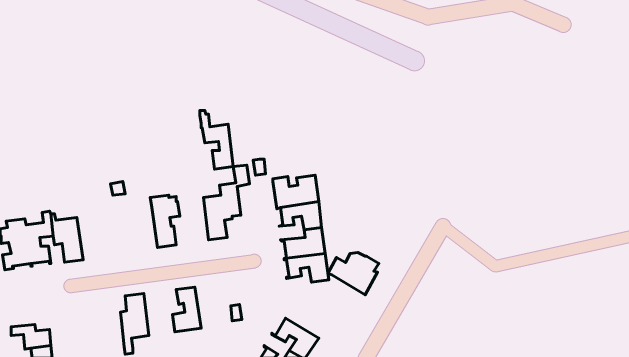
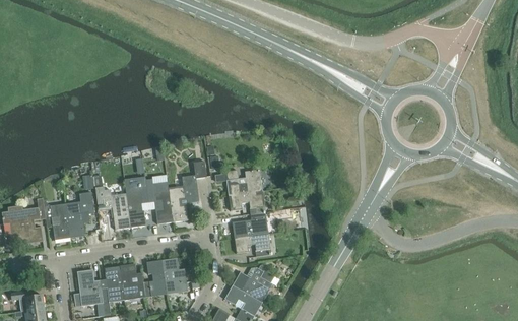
building: [200,111,233,169] -> [144,176,172,223]
building: none -> [94,186,130,230]
building: none -> [64,191,93,238]
building: [328,252,379,295] -> [232,267,273,302]
building: none -> [160,258,187,294]
building: none -> [119,263,144,300]
building: none -> [76,269,103,309]

